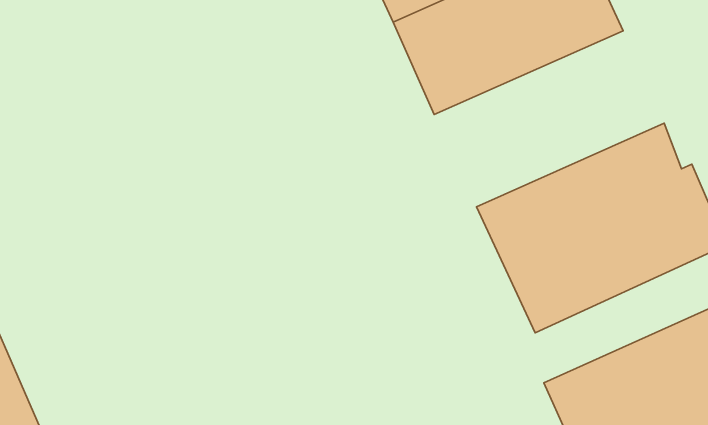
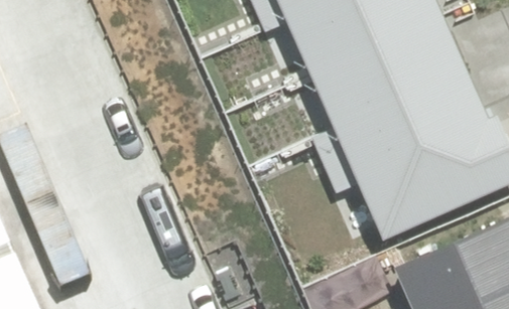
building: none -> [317,30,476,151]

